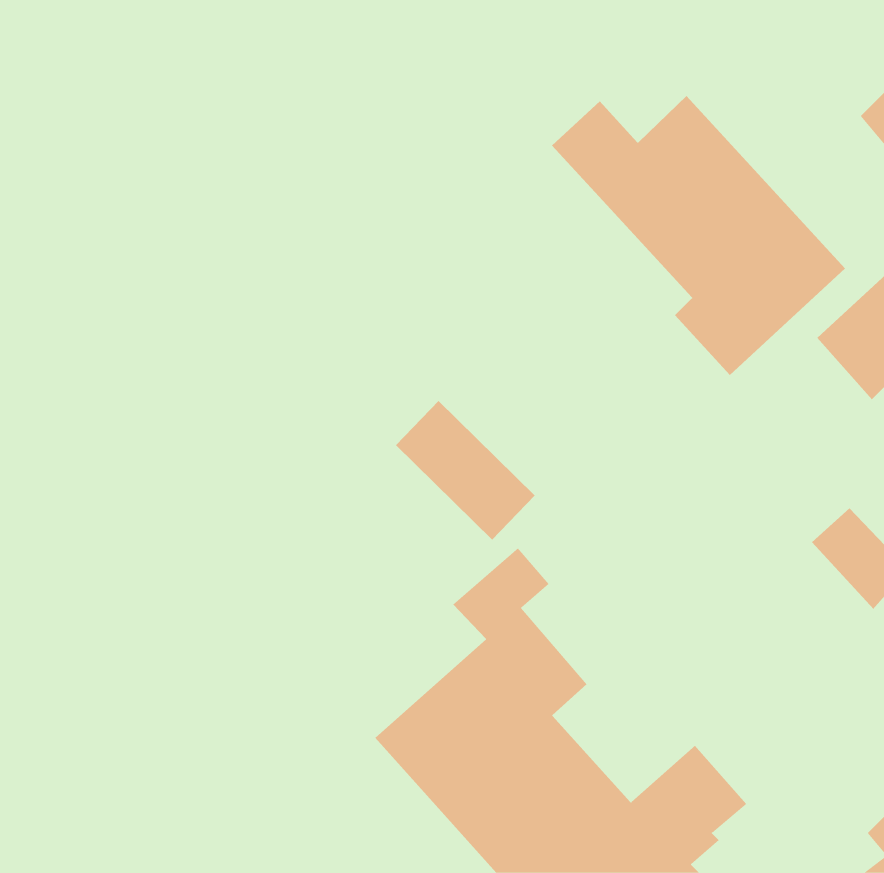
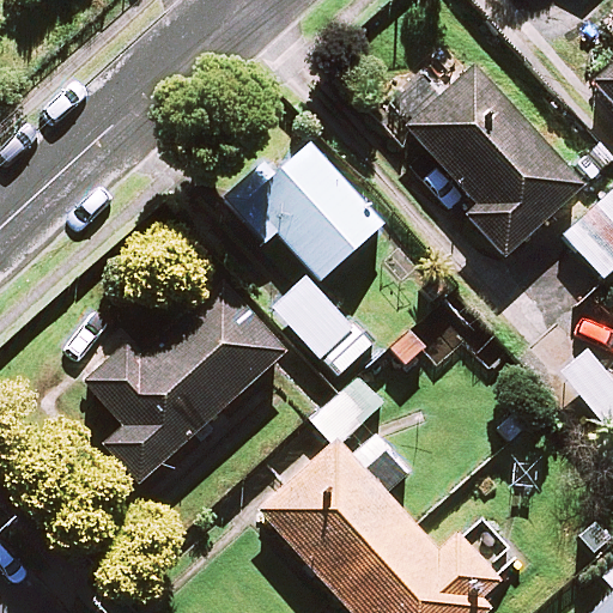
building: none -> [220,140,386,281]
building: none -> [85,283,286,485]

